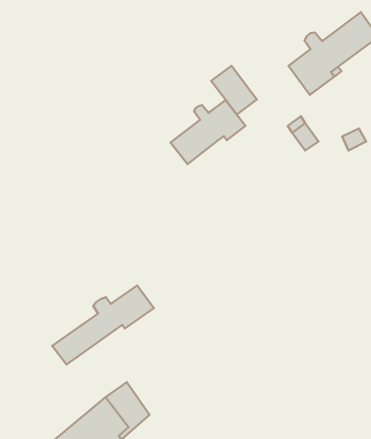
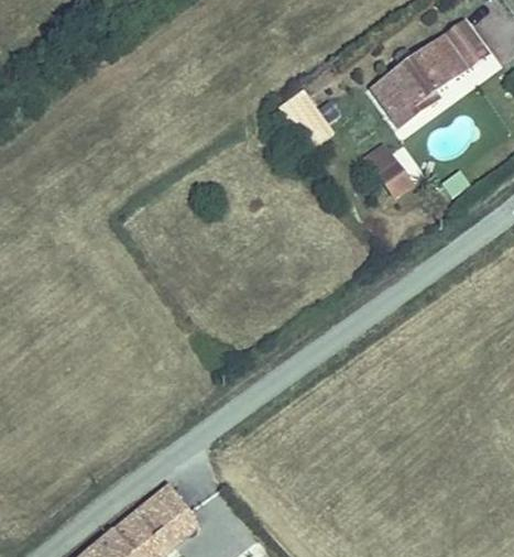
building: [171,100,246,164] -> none
building: [52,285,154,365] -> none

